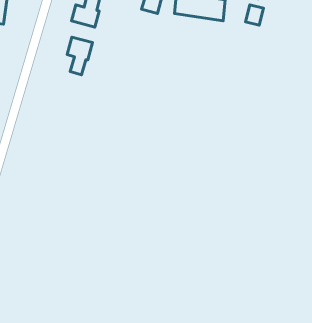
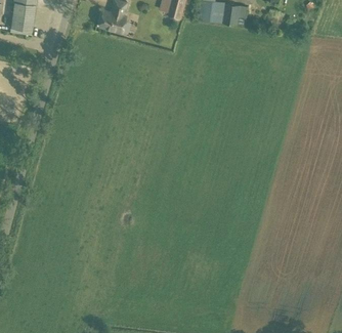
building: [67,37,93,75] -> none

